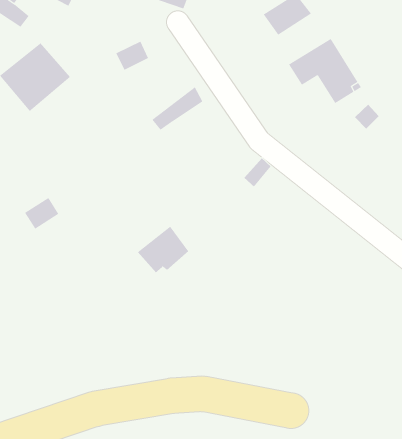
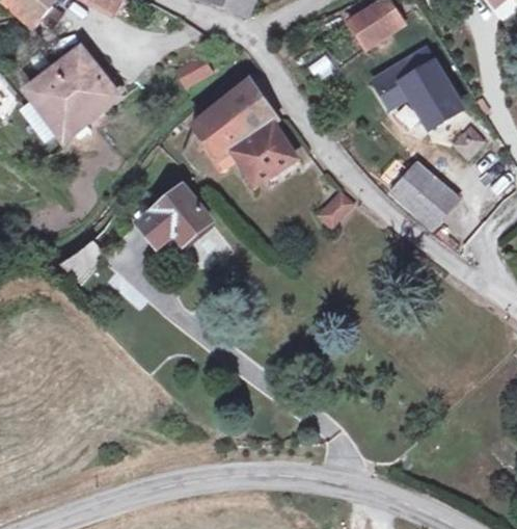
building: none -> [194,80,264,147]
building: none -> [236,125,295,184]
building: none -> [392,165,455,228]
building: [137,226,189,273] -> [146,188,208,244]

